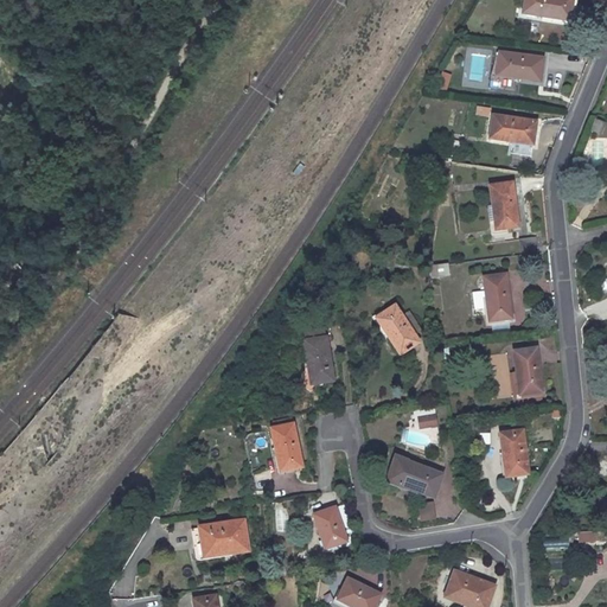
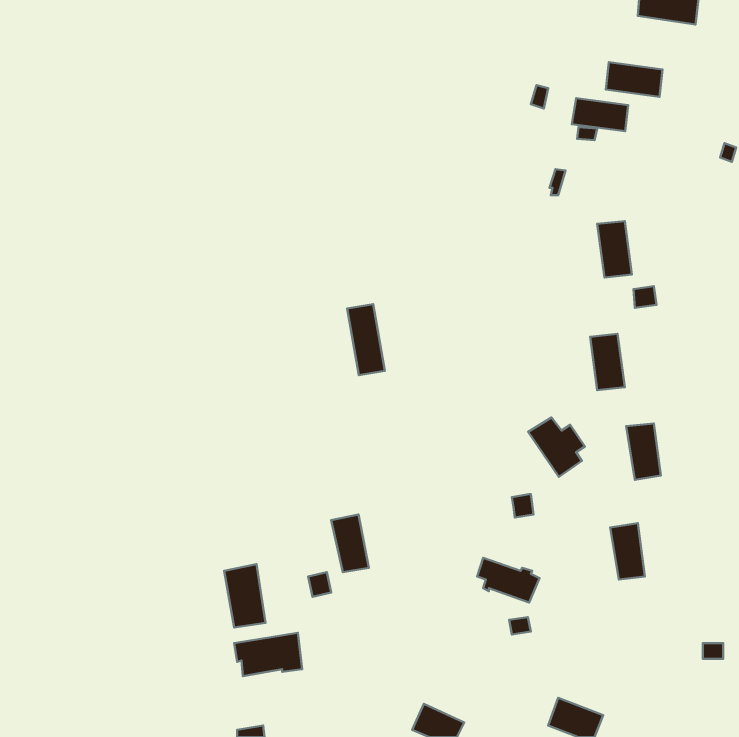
building: [490,115,536,142] -> [572,98,628,131]
building: [376,305,422,353] -> [528,418,585,477]
building: [302,325,333,383] -> [347,304,385,375]
building: none -> [224,564,265,628]
building: [314,504,356,548] -> none

